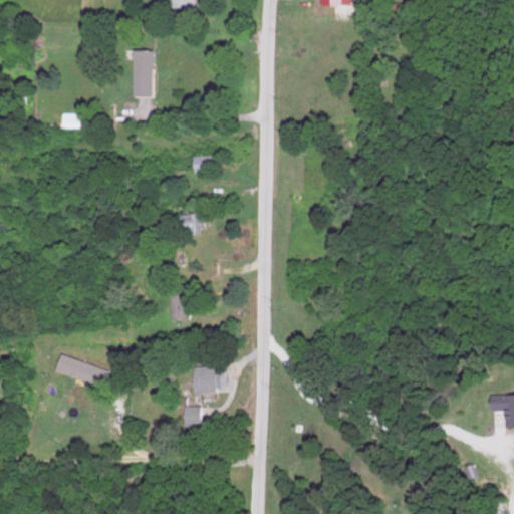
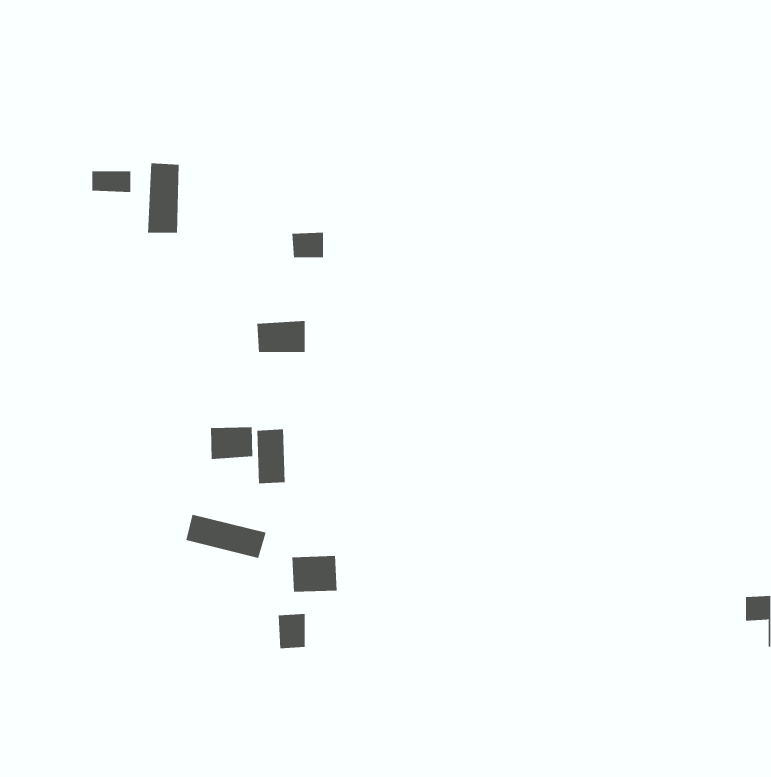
building: [132,49,153,95] -> [147,163,179,233]
building: none -> [210,426,253,460]
building: [56,356,109,386] -> [186,514,267,558]

